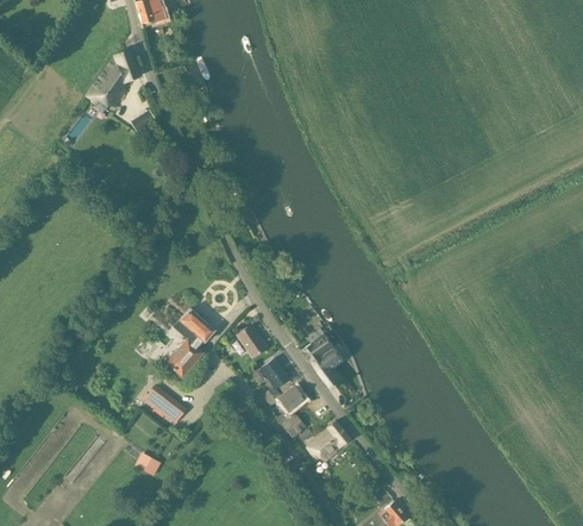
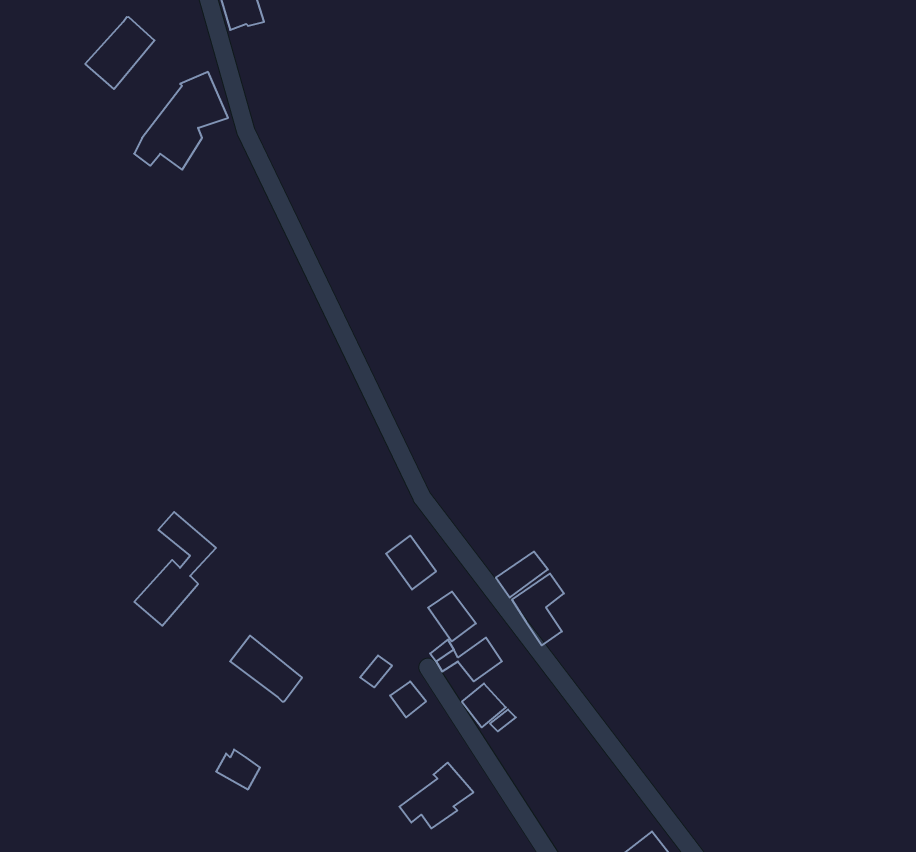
building: none -> [85,17,155,89]
building: [165,309,214,377] -> [134,512,216,626]
building: [306,421,350,461] -> [399,763,473,828]

